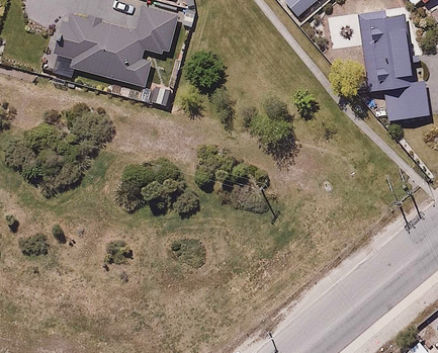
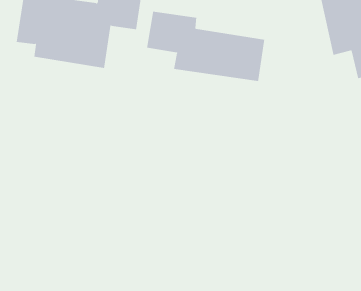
building: none -> [147,11,265,82]

